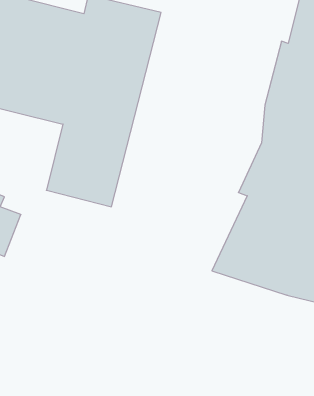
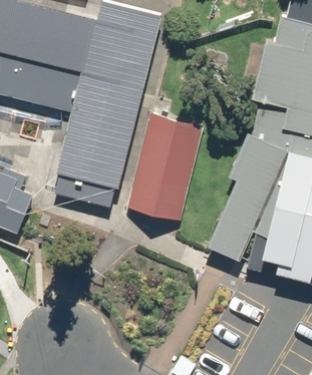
building: none -> [129,112,209,222]

